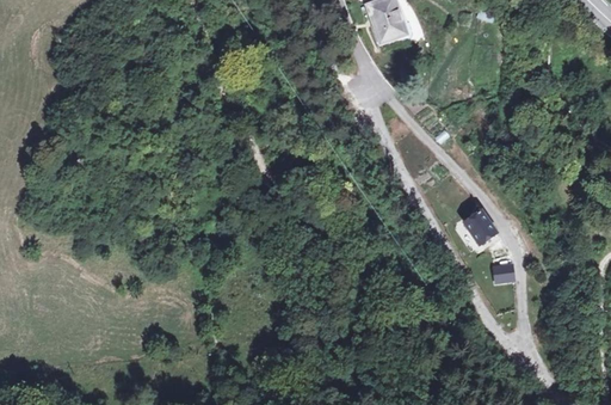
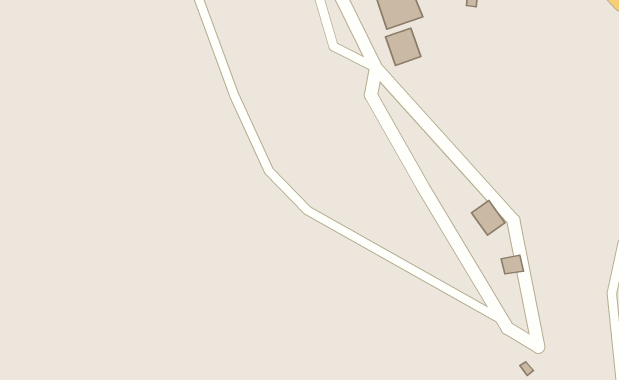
building: none -> [386,28,421,65]

